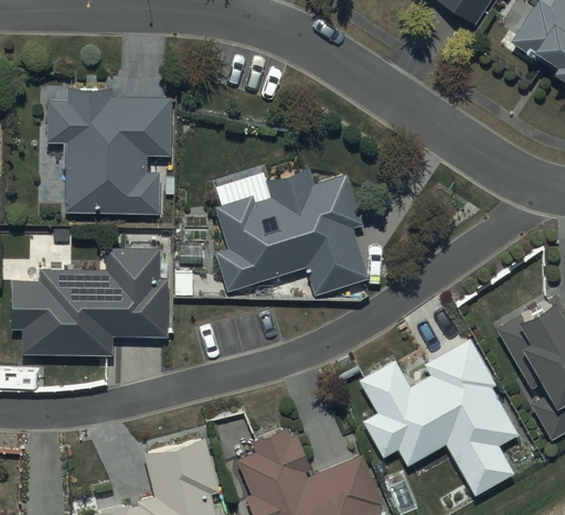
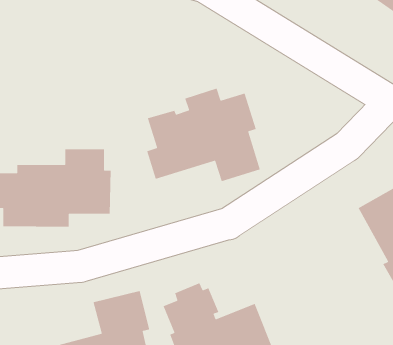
building: [47,87,172,214] -> none
building: [360,337,520,496] -> none

